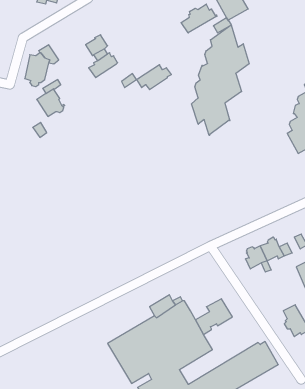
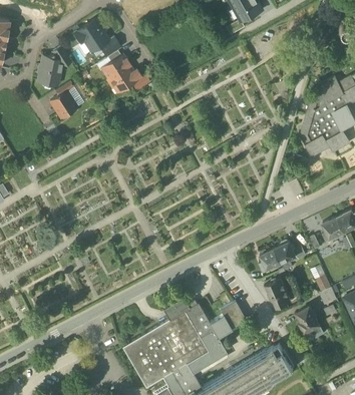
building: [181,4,217,33] -> none
building: none -> [75,19,109,51]
building: [192,25,249,135] -> none
building: [137,65,171,90] -> [107,65,142,90]
building: none -> [267,279,292,308]

